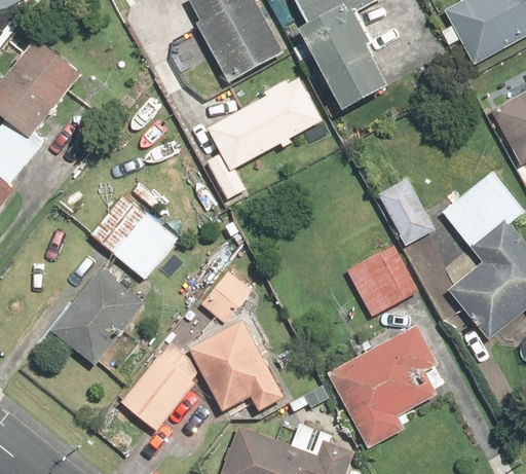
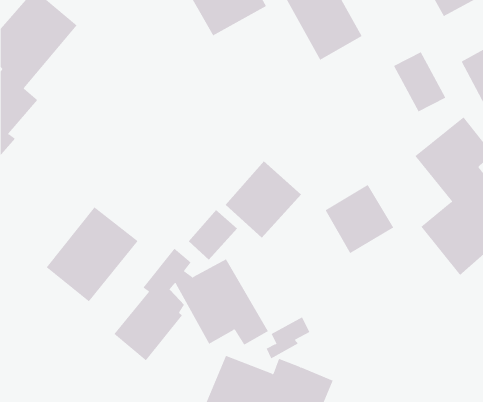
building: [205,76,331,203] -> none
building: [378,179,435,244] -> [393,51,446,112]
building: [89,190,182,281] -> none
building: none -> [225,161,302,239]
building: [327,326,446,446] -> none

